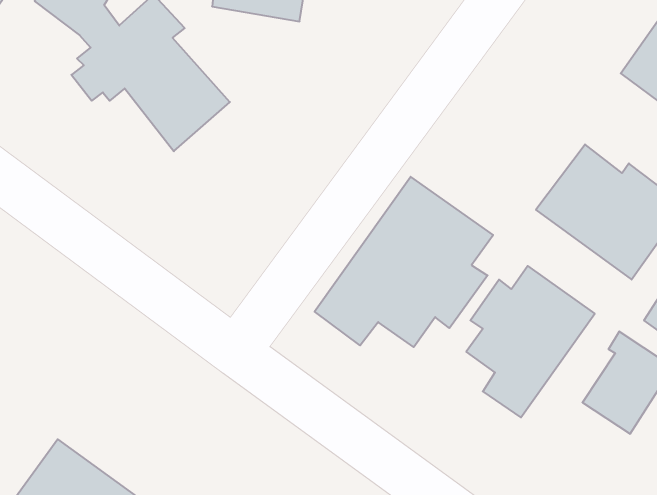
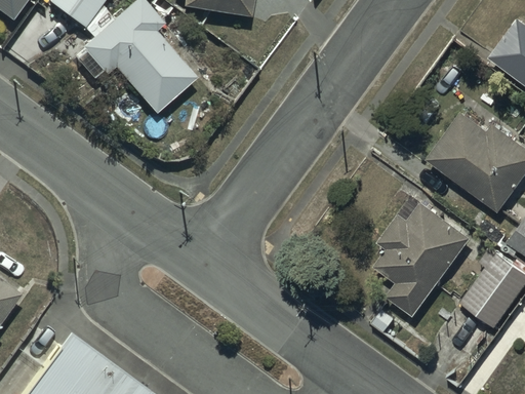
building: [315,177,493,347] -> none

